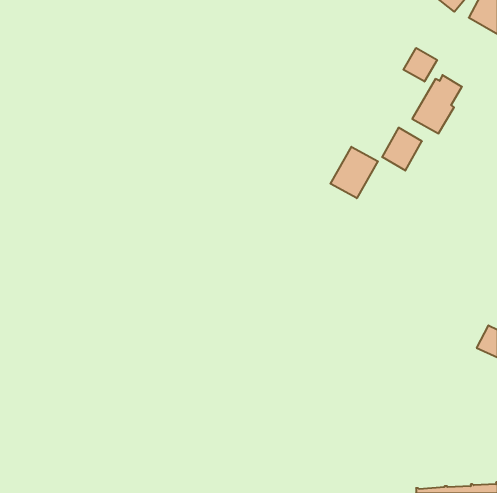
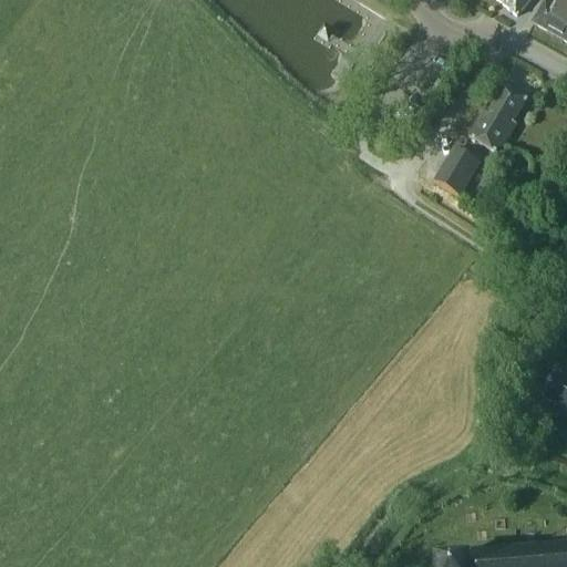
building: [403,48,437,82] -> none
building: [330,147,378,198] -> none

